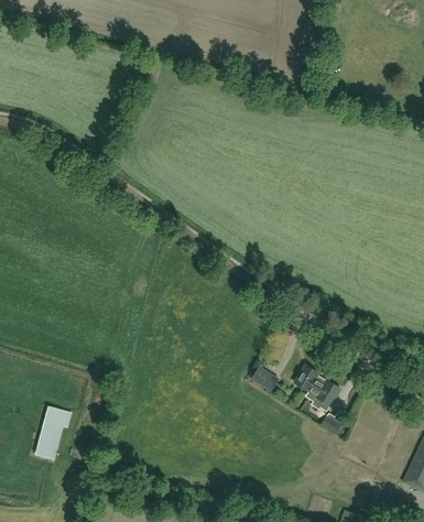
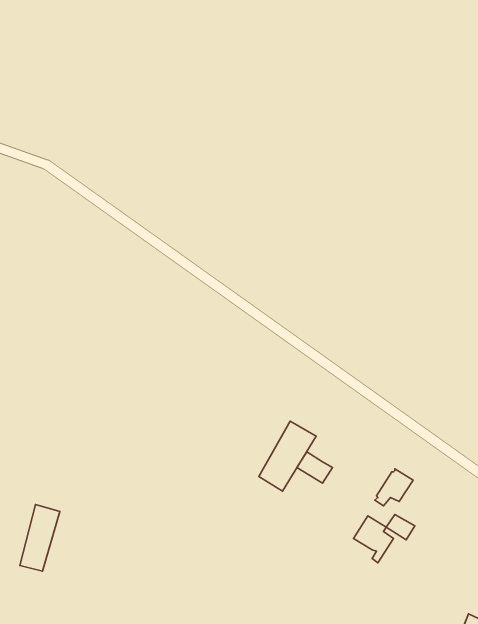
building: none -> [259,421,316,491]
building: [293,365,324,401] -> [354,516,393,563]

